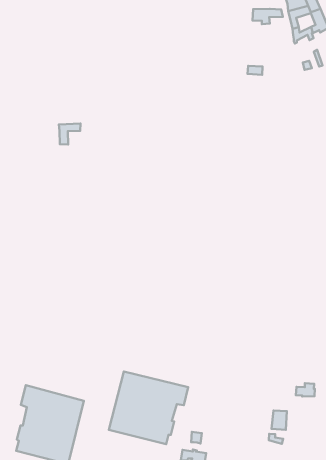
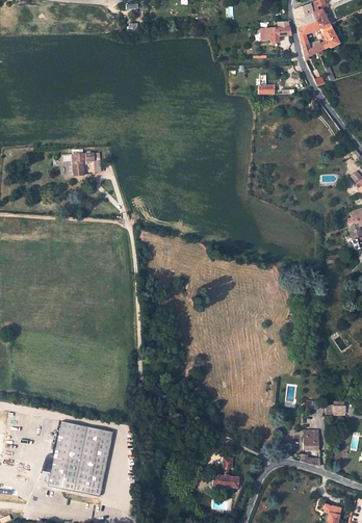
building: [109,372,188,444] -> none

